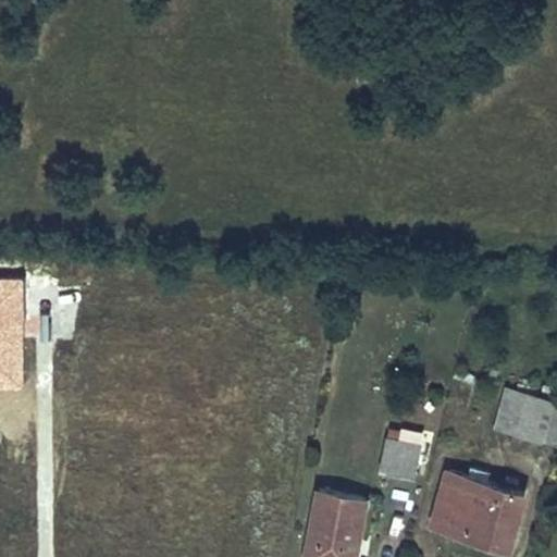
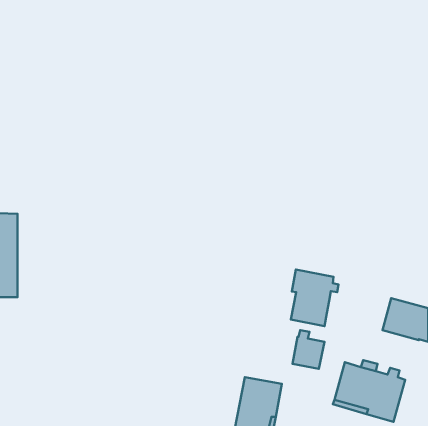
building: none -> [291,270,339,326]

